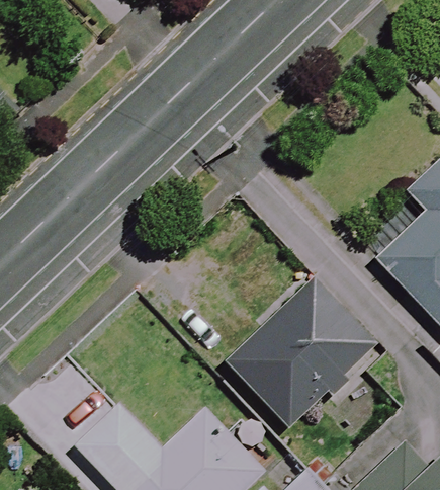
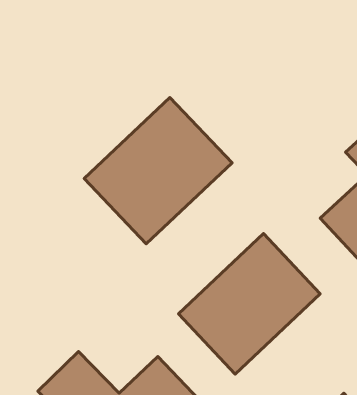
building: none -> [84,97,232,244]

